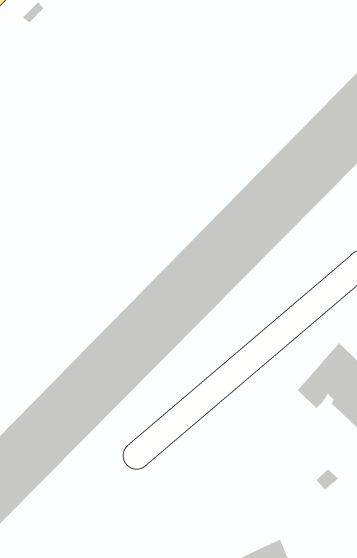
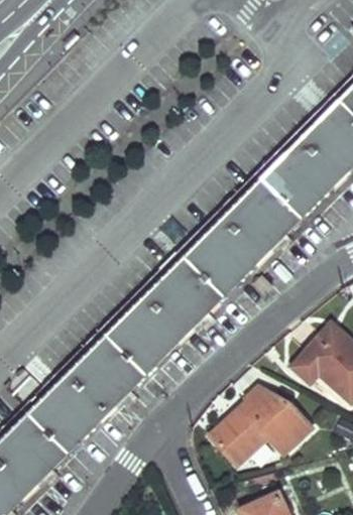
building: none -> [211,388,311,466]

